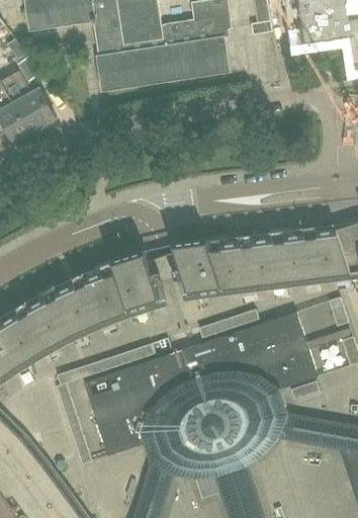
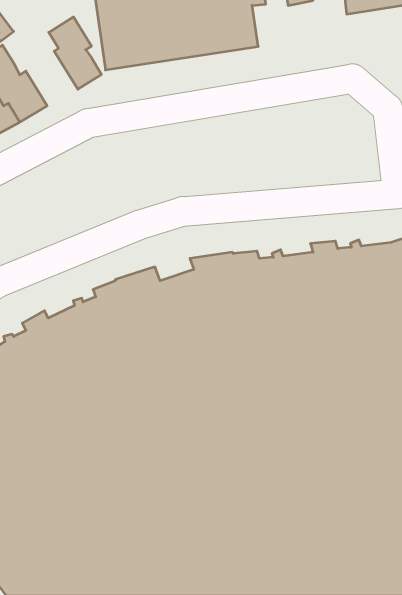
building: none -> [49,17,101,89]

